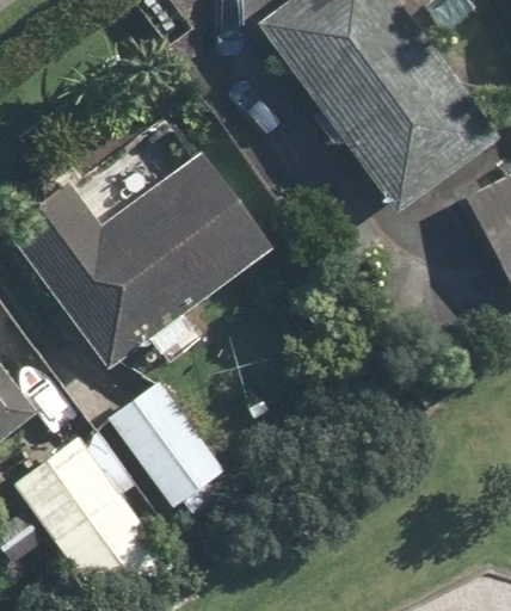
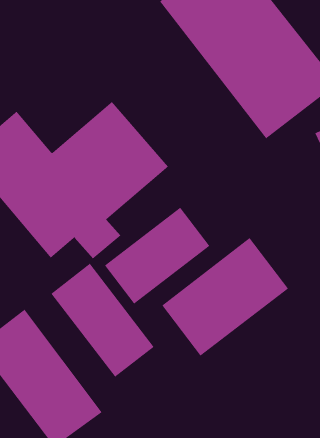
building: none -> [104,207,210,305]
building: none -> [161,237,289,357]

